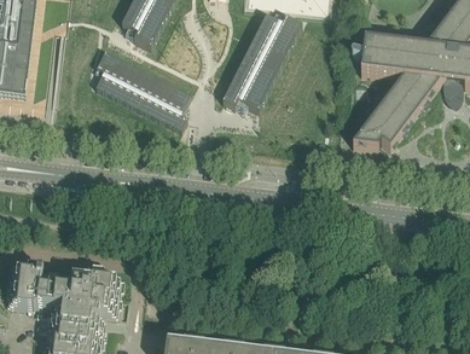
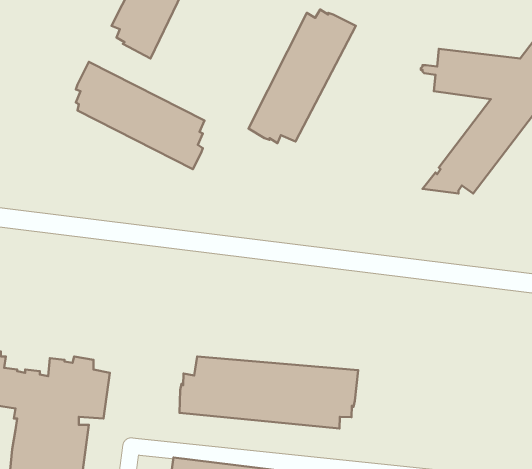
building: none -> [179,356,358,428]

